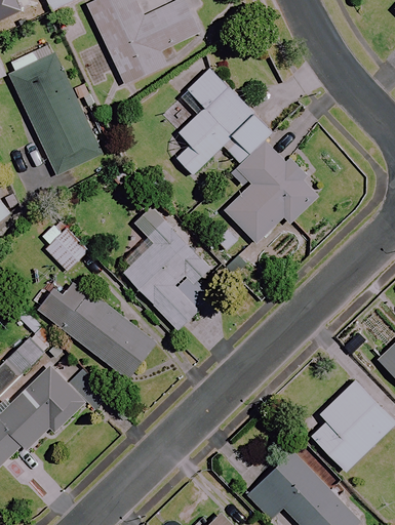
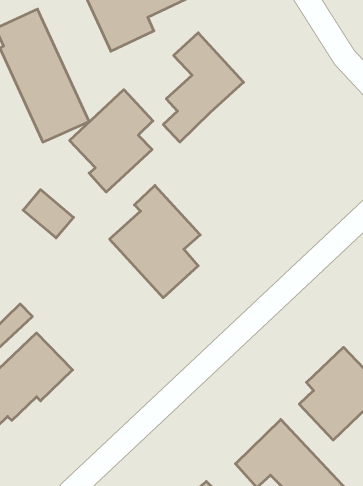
building: [212,115,318,251] -> none
building: none -> [70,90,153,192]
building: [39,273,156,377] -> none

